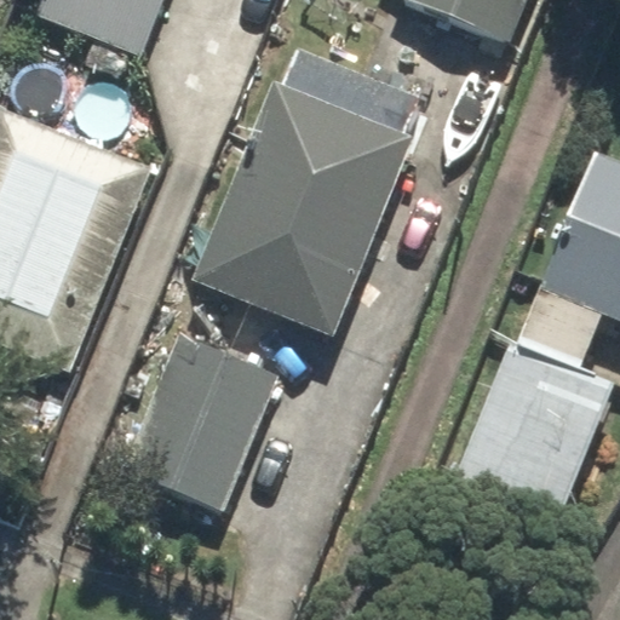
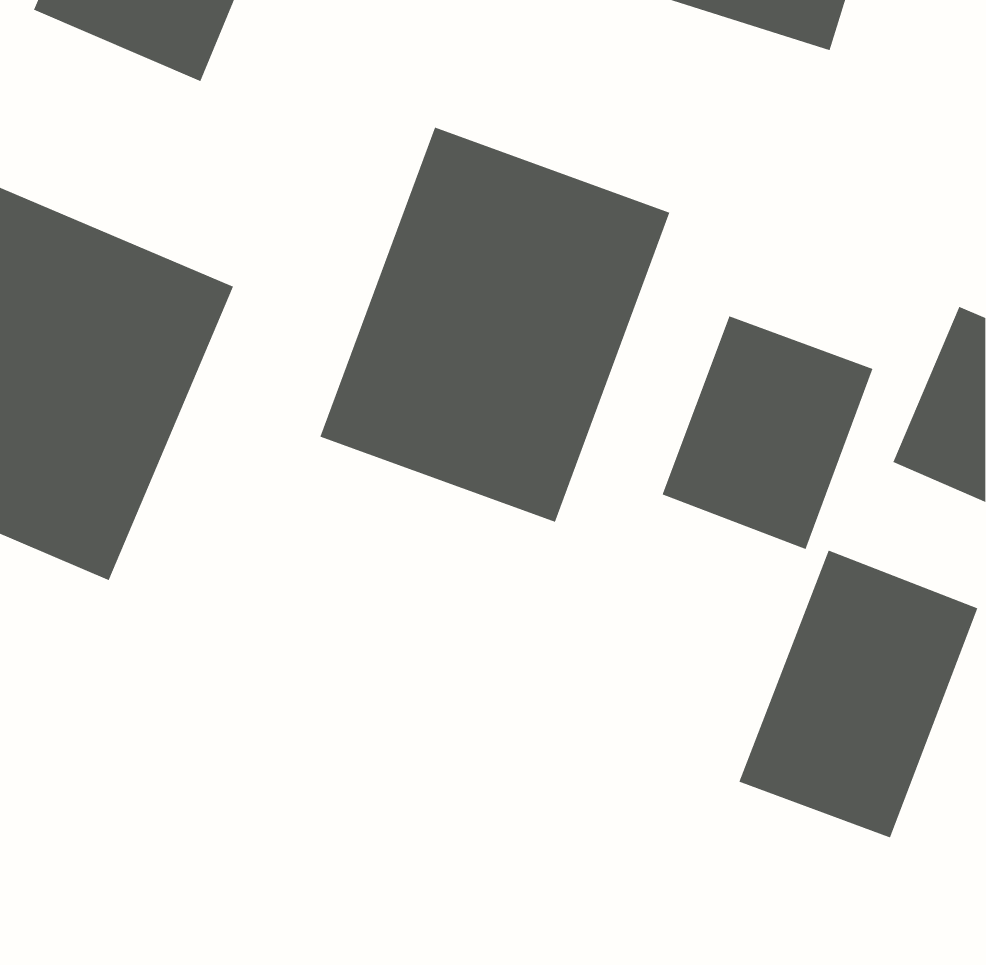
building: none -> [662,316,873,550]
building: [133,320,269,499] -> none

